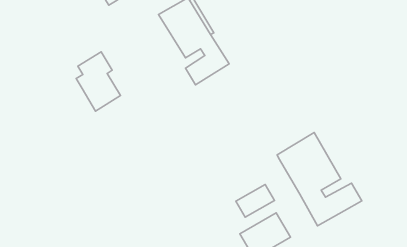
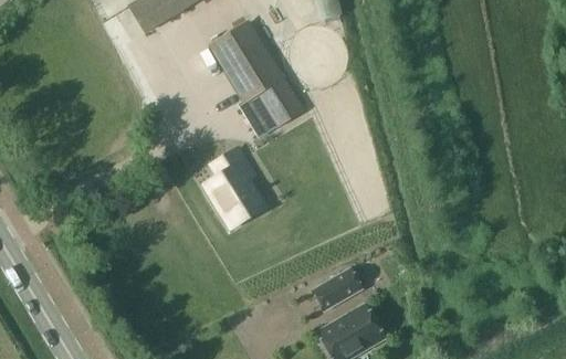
building: [76,52,121,111] -> [206,148,264,226]
building: [277,132,362,226] -> none

